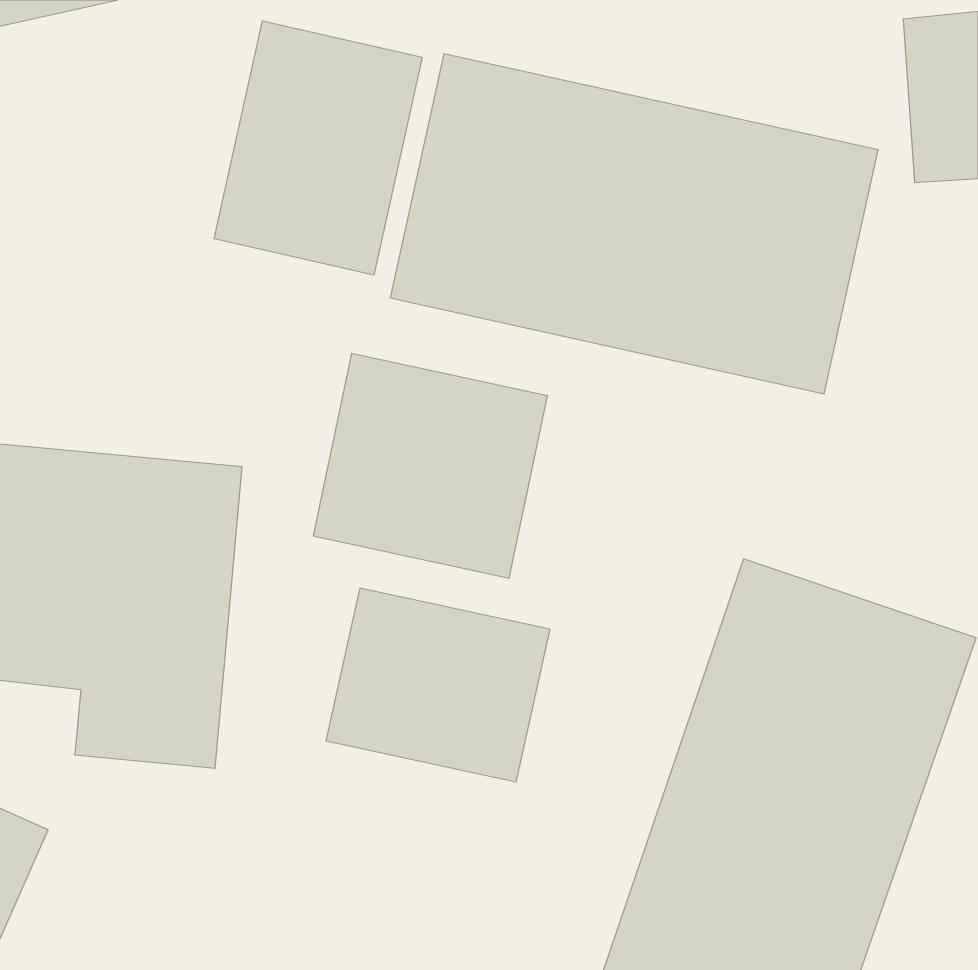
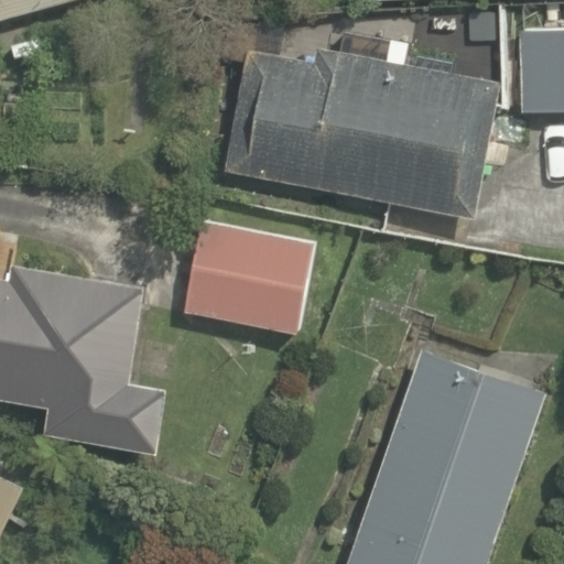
building: [214,21,422,275] -> none
building: [326,588,550,782] -> none

